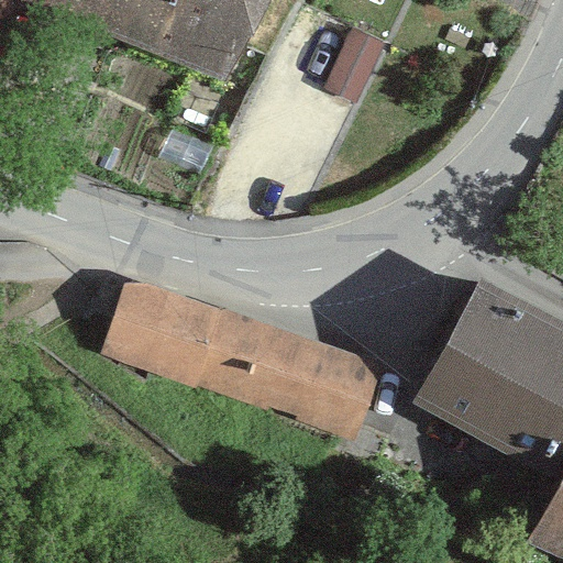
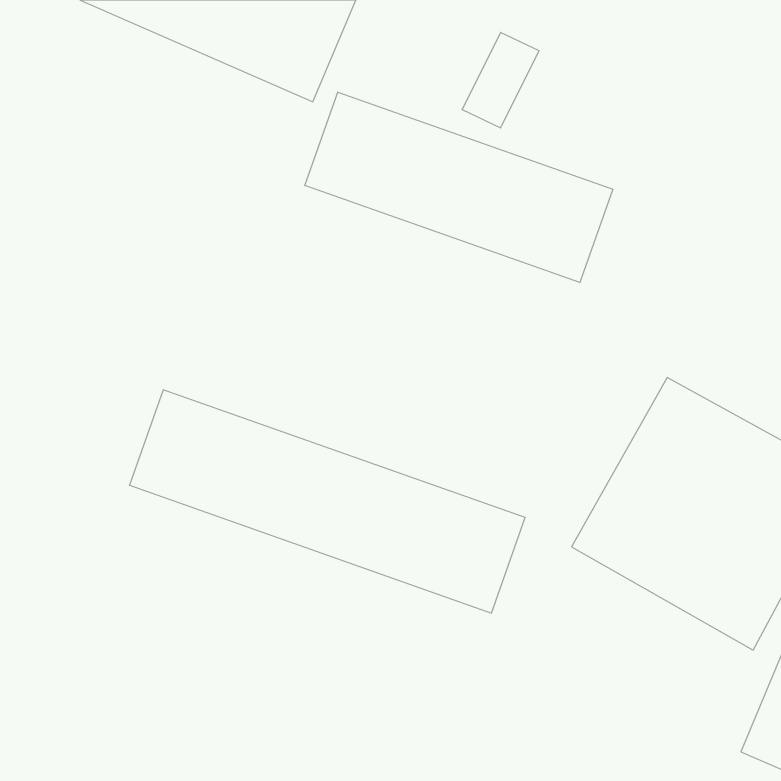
building: none -> [305,92,613,283]

